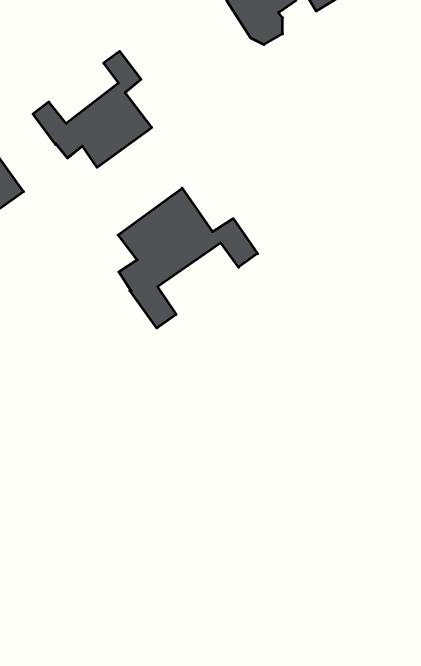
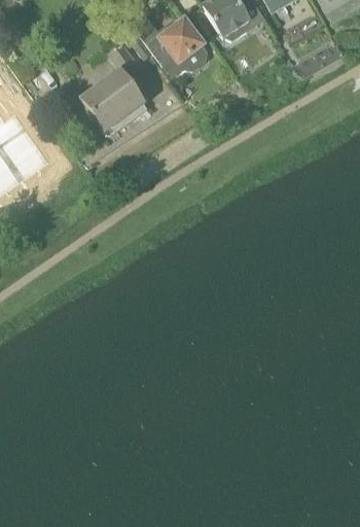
building: none -> [134,17,208,74]
building: [118,188,258,328] -> none

